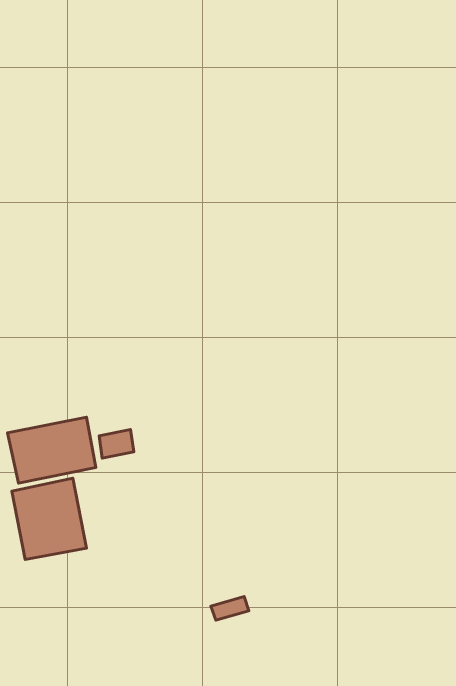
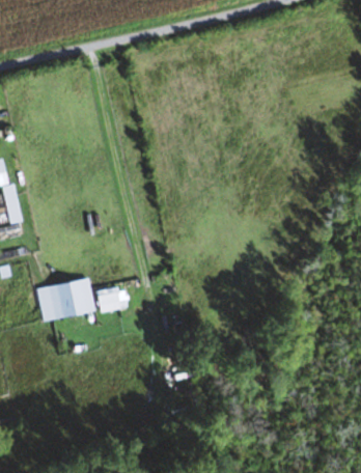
building: [12,478,87,559] -> none

